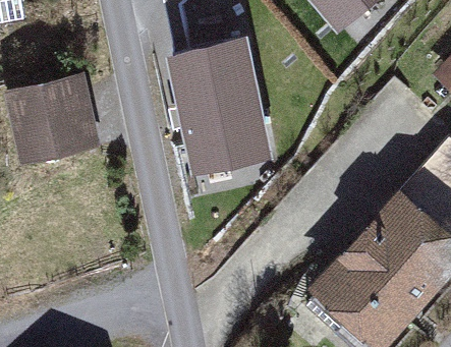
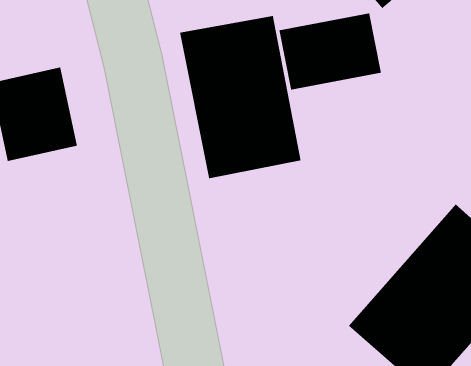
building: none -> [279,12,382,91]

